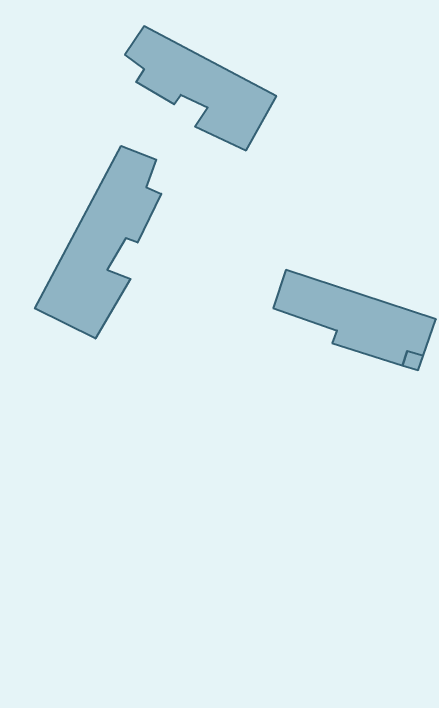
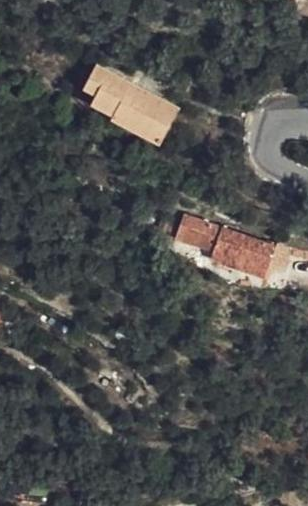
building: [35,146,161,339] -> none

